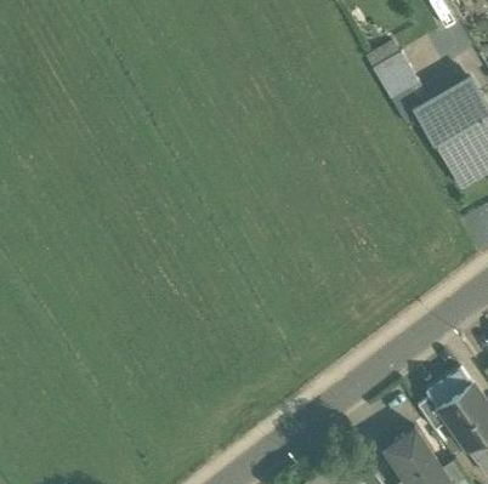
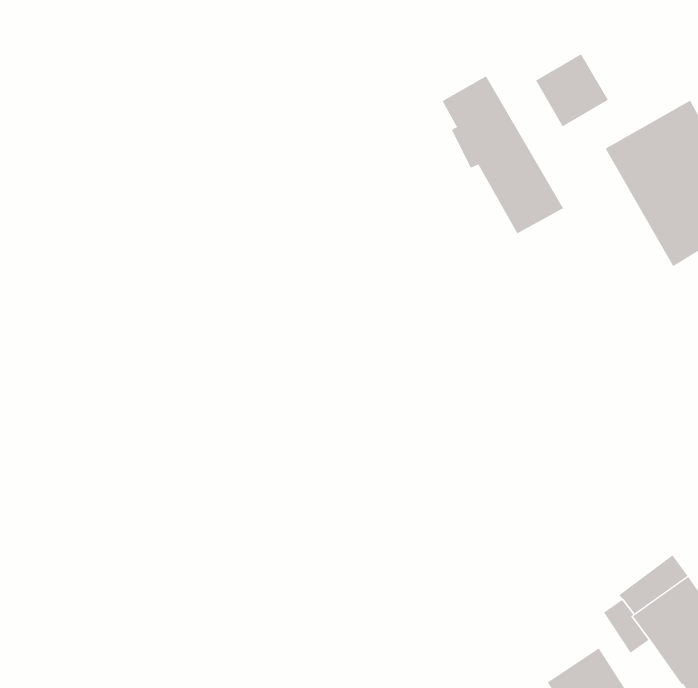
building: none -> [442,76,564,234]

